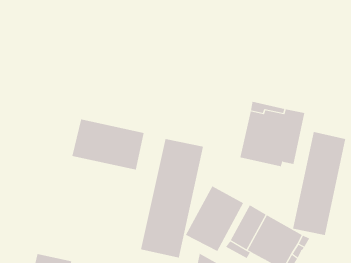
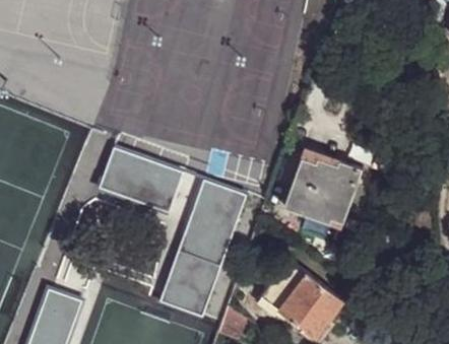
building: [293,131,346,236] -> none
building: [185,186,244,252] -> none

